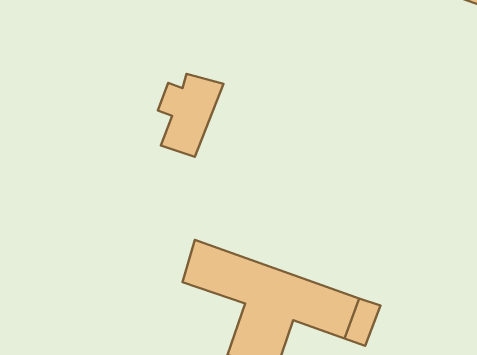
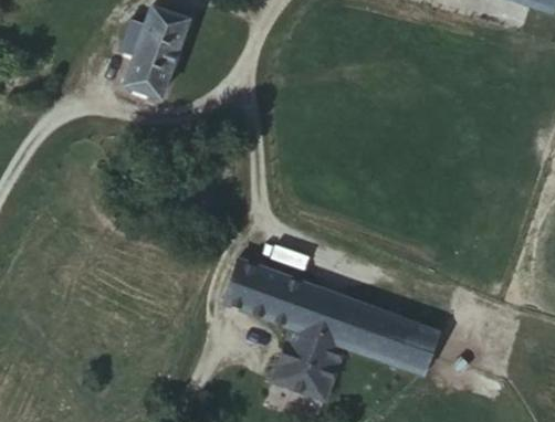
building: [158,74,223,157] -> [122,7,192,96]

